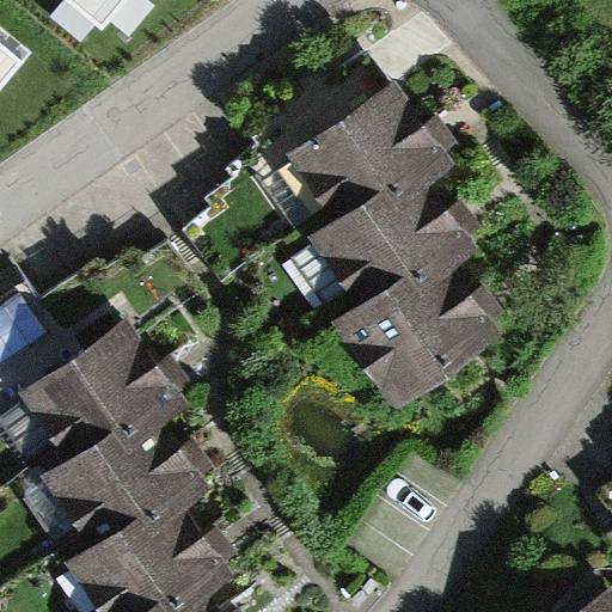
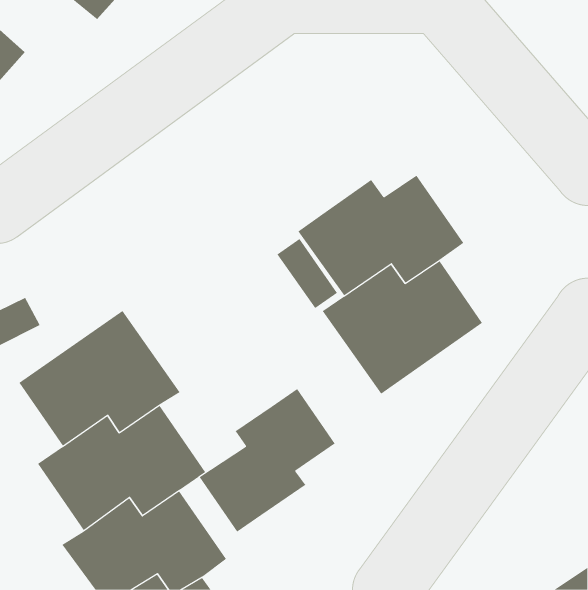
building: [287,82,451,221] -> none
building: none -> [199,388,335,533]

